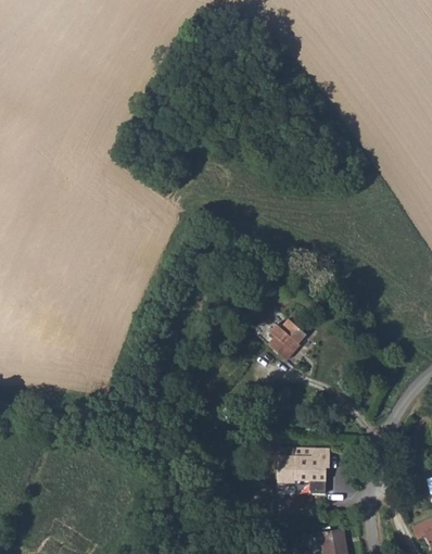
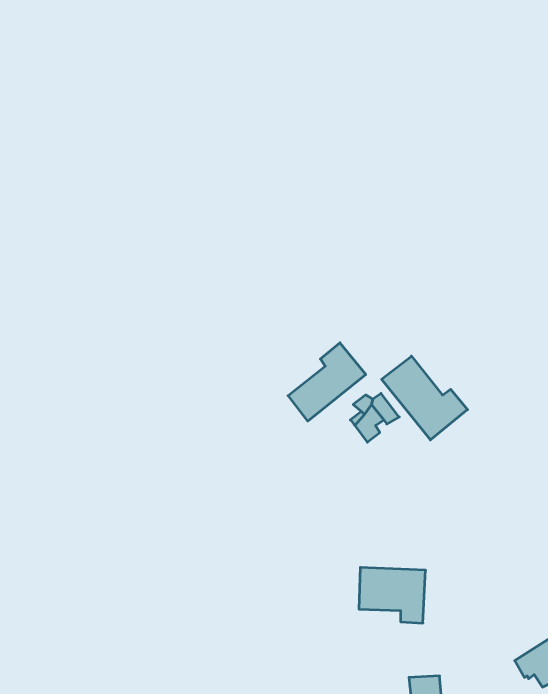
building: none -> [288,343,366,421]
building: none -> [382,356,468,440]

